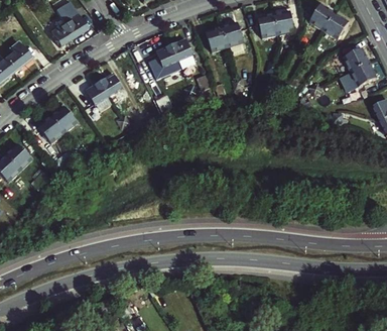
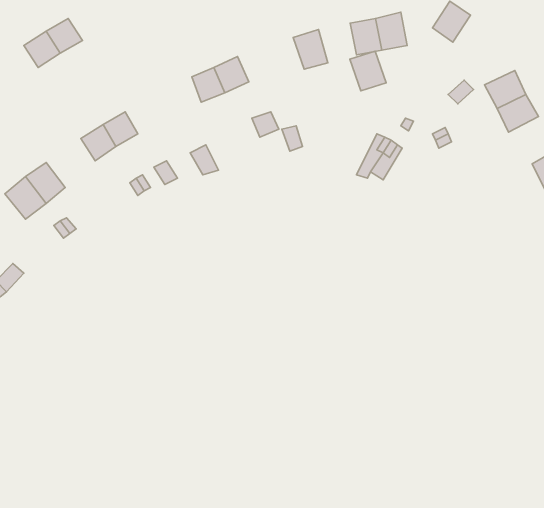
building: [322,13,349,40] -> none
building: [205,27,228,52] -> [350,51,386,91]

